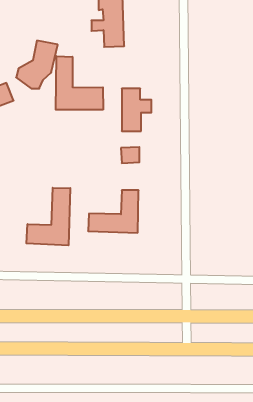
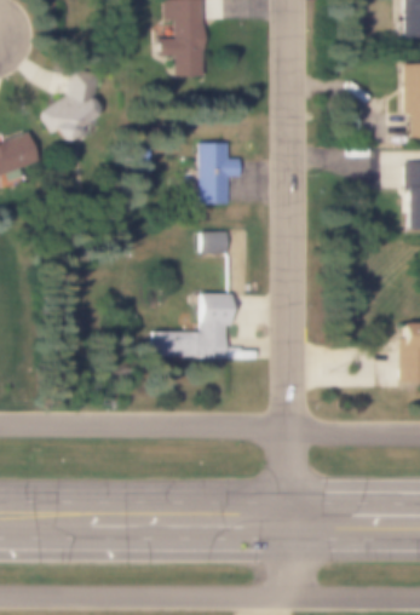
building: [56,56,103,110] -> none
building: [26,188,70,245] -> none

